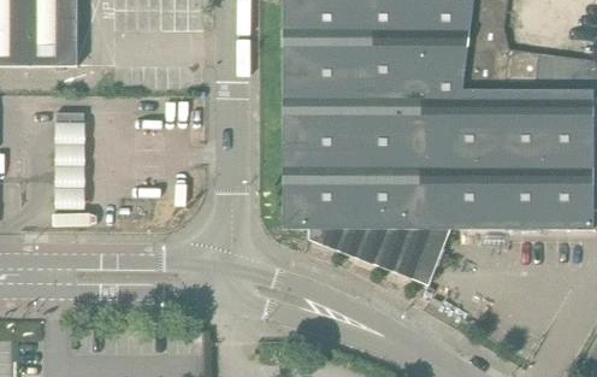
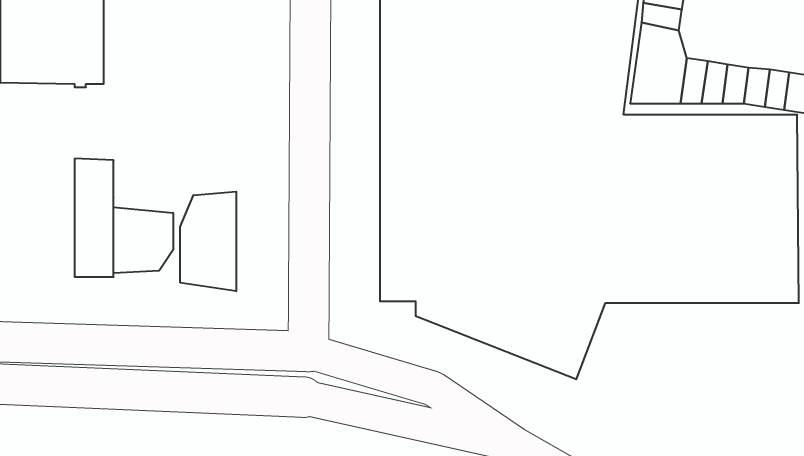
building: none -> [180,192,236,291]
building: none -> [114,207,173,273]

